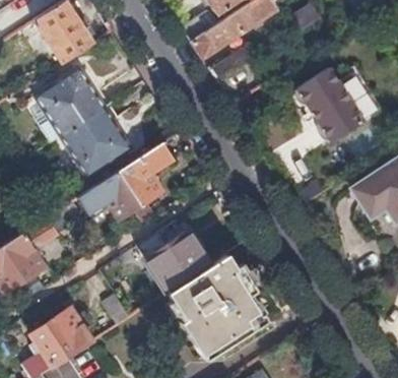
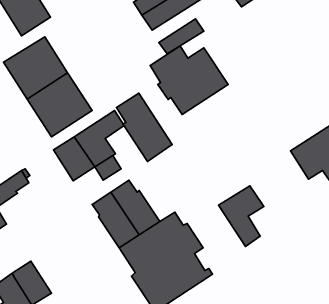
building: [295,66,380,140] -> [150,46,228,115]
building: none -> [116,93,172,162]
building: none -> [218,186,264,246]

